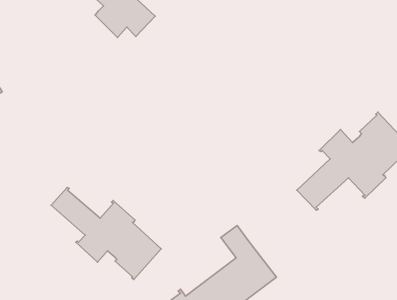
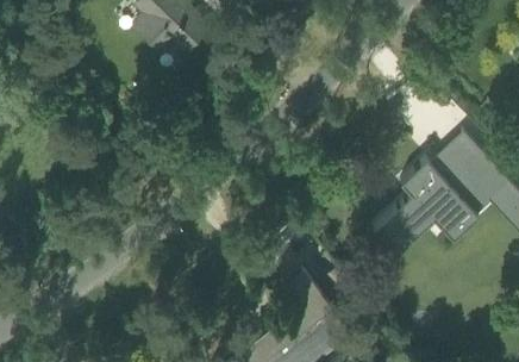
building: [51,187,161,280] -> none

